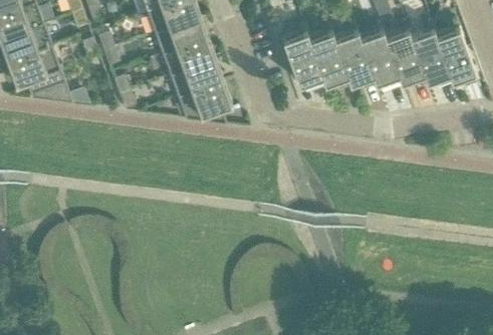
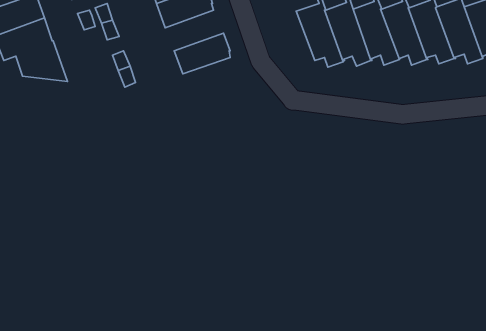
building: [162,36,215,73] -> none
building: [178,79,231,121] -> none

